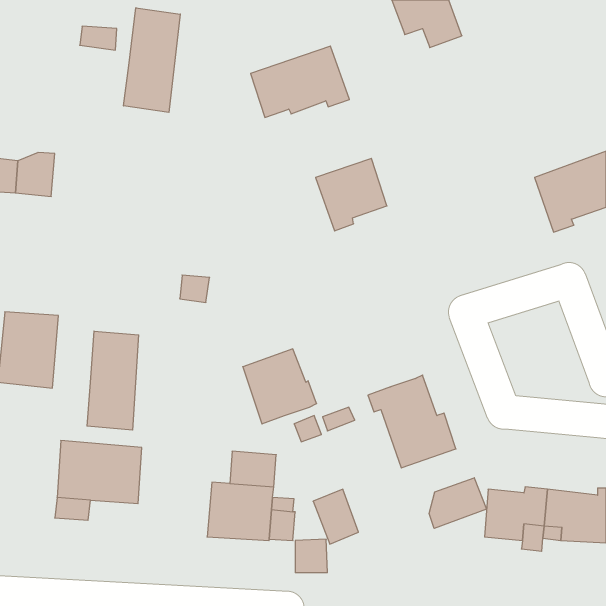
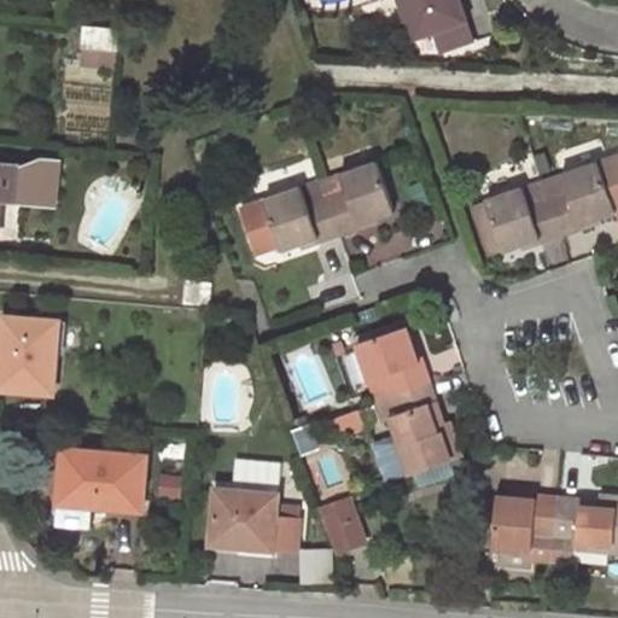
building: [124,8,180,112] -> none
building: [251,46,349,117] -> [239,182,339,255]
building: none -> [483,182,561,253]
building: [87,331,139,430] -> none
building: [243,349,317,424] -> [354,327,428,403]
building: [429,478,487,528] -> none

